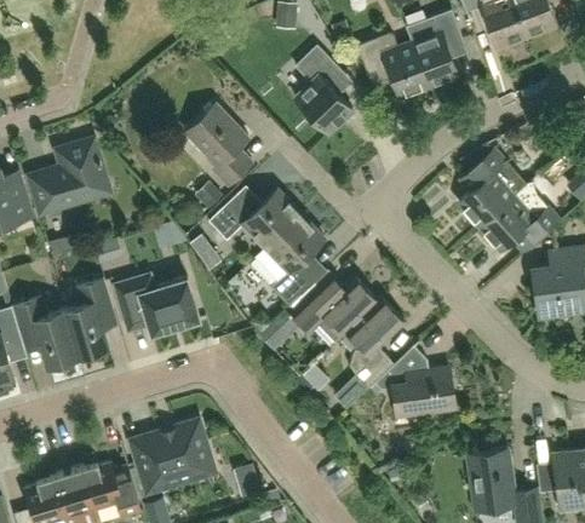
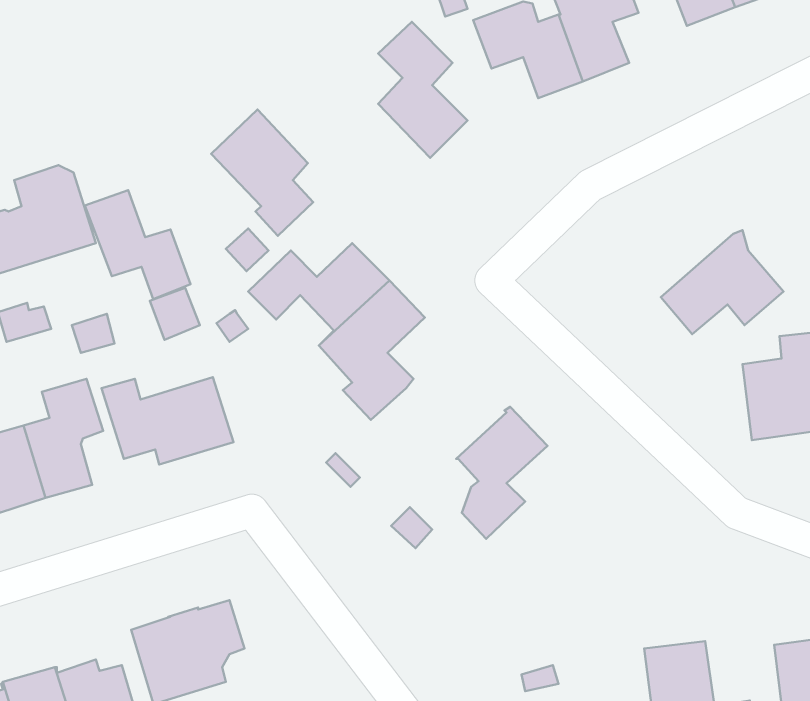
building: [458,142,526,226] -> none
building: none -> [85,190,191,299]
building: [289,277,378,341] -> none
building: [374,346,454,416] -> none

